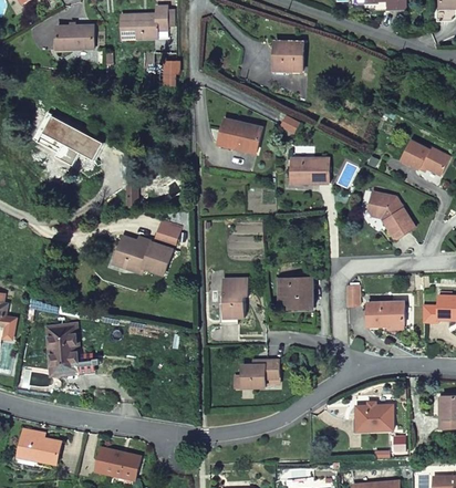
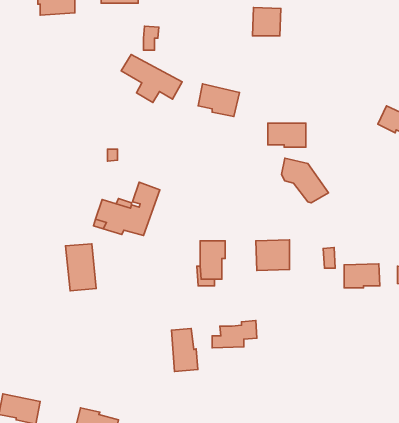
building: [42,115,104,164] -> [121,55,182,103]
building: [367,195,415,240] -> [282,158,328,203]
building: [46,326,77,374] -> [66,244,96,291]
building: none -> [171,329,198,372]
building: [354,405,392,430] -> none

